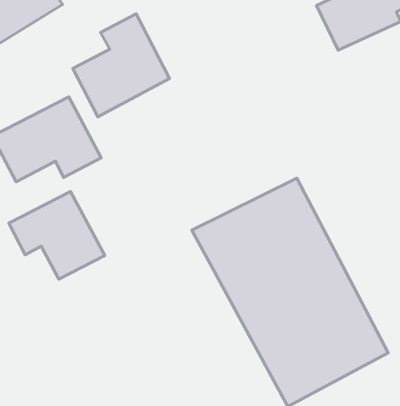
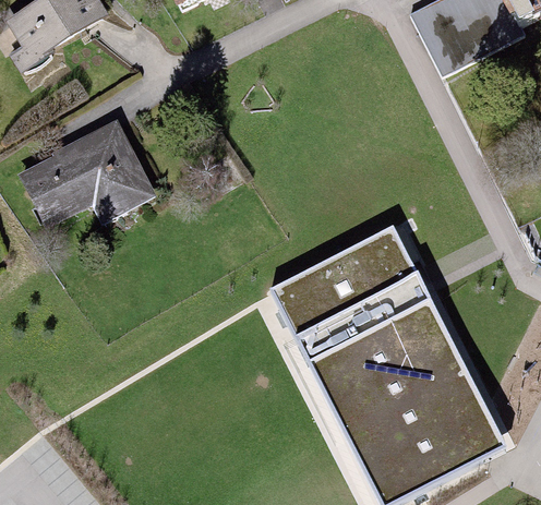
building: [73,14,170,117] -> none
building: [9,191,105,279] -> none

